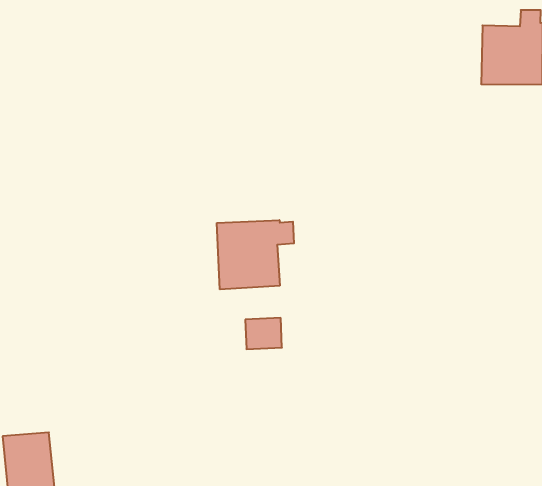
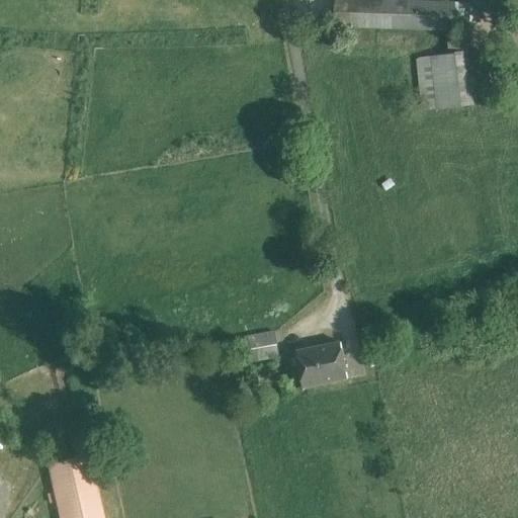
building: [217,220,294,289] -> none
building: none -> [296,341,348,386]

